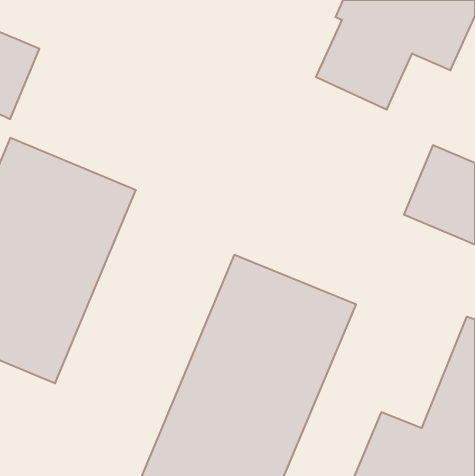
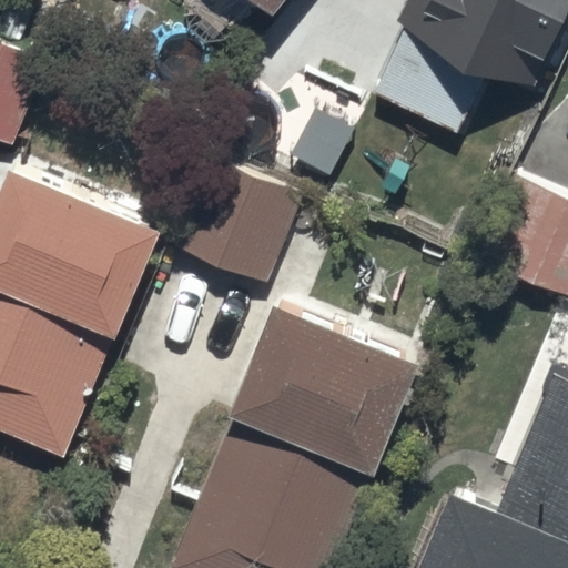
building: none -> [168,154,302,282]

